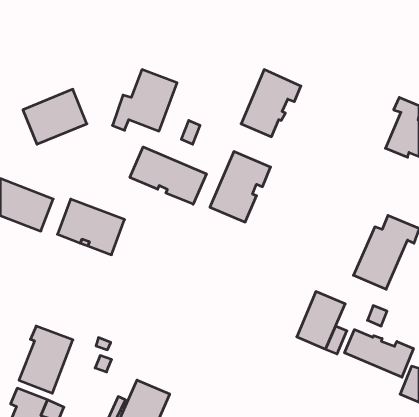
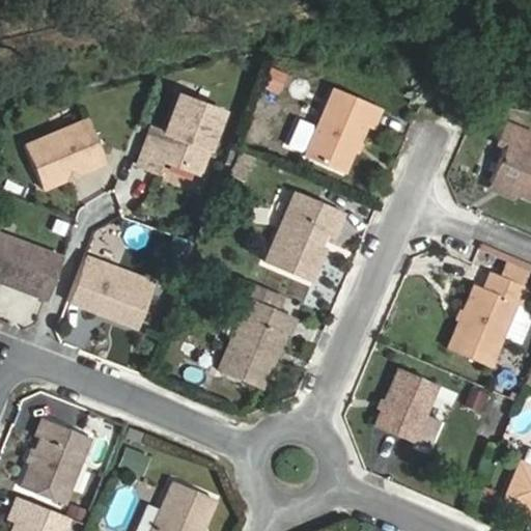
building: [130,147,206,204] -> none
building: none -> [218,288,292,390]
building: [345,330,413,377] -> none

